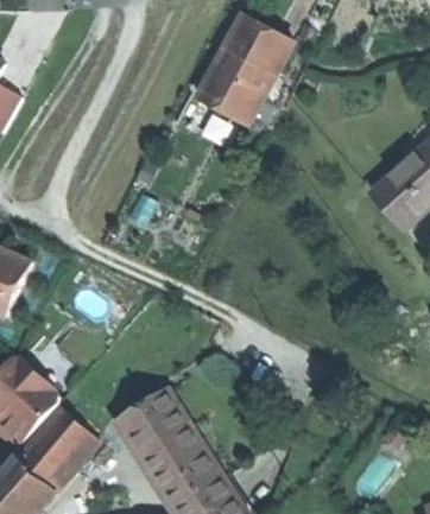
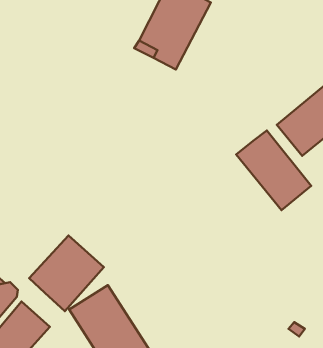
building: none -> [236,130,311,210]
building: none -> [29,235,104,311]

